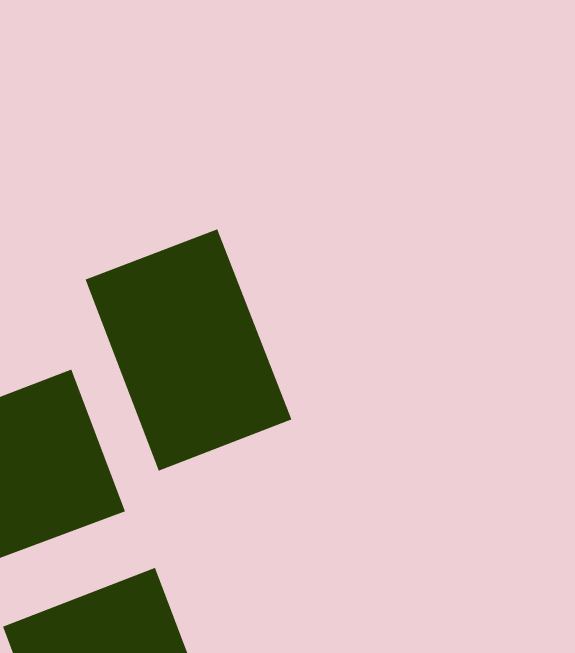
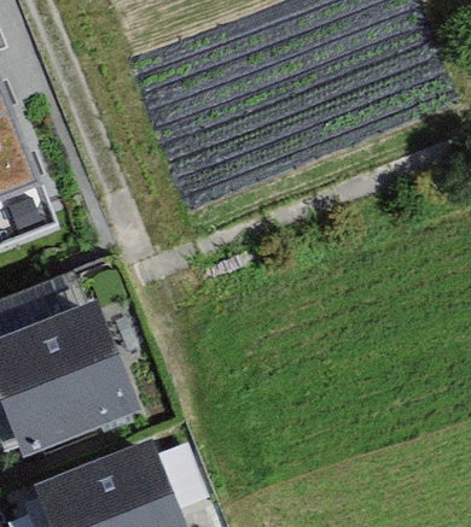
building: [85,229,292,472] -> none

